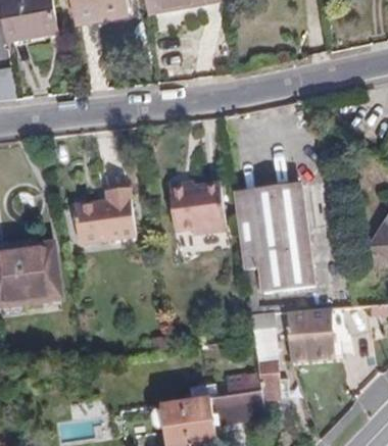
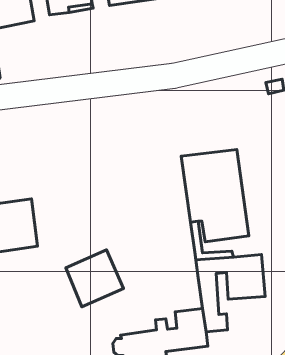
building: [168,182,226,234] -> none
building: [74,188,135,243] -> none
building: none -> [66,250,123,307]

